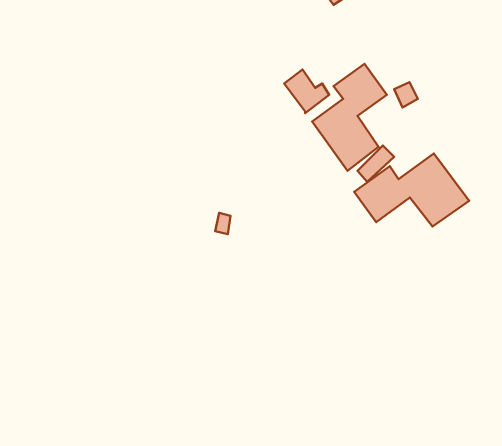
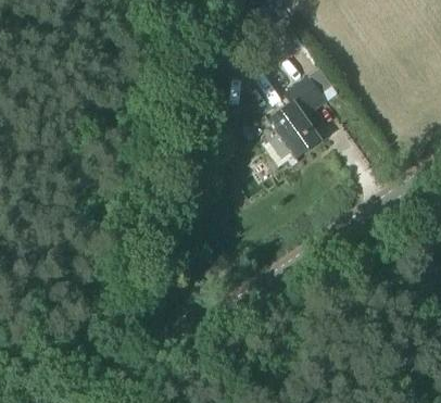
building: [354,154,469,226] -> none

